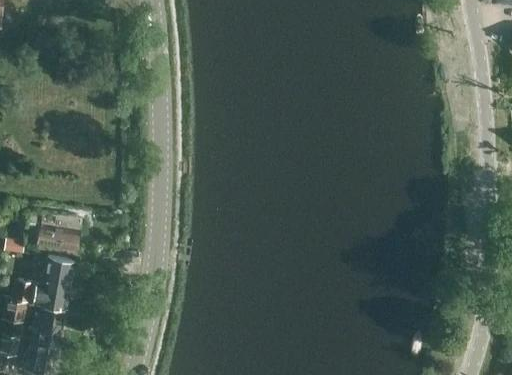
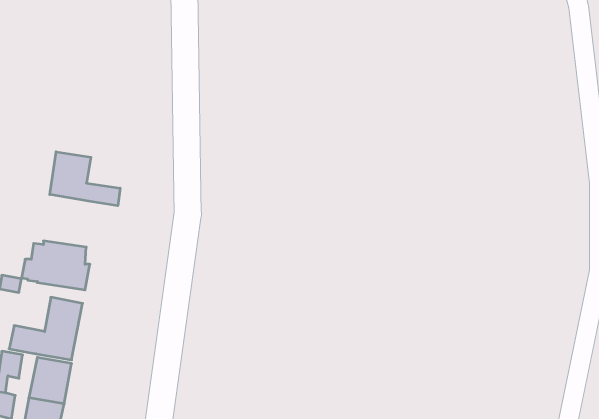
building: none -> [50,152,120,206]

